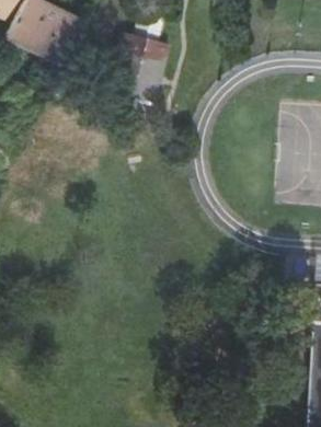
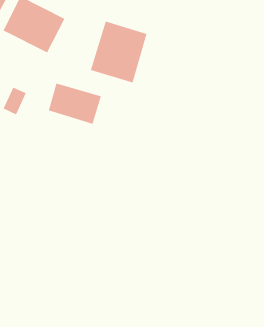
building: none -> [48,83,102,125]

